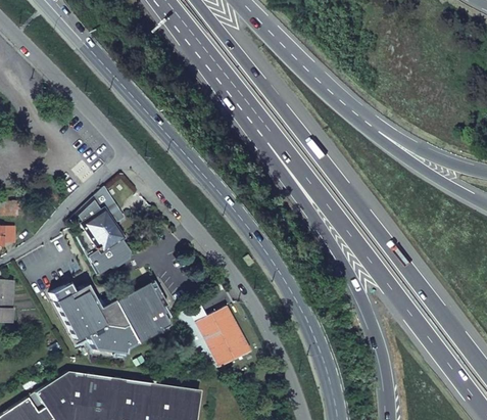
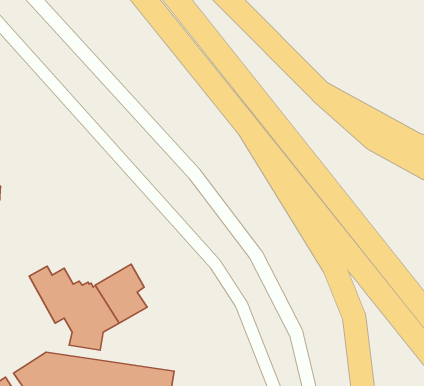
building: [76,197,130,272] -> none
building: [183,306,252,371] -> none

